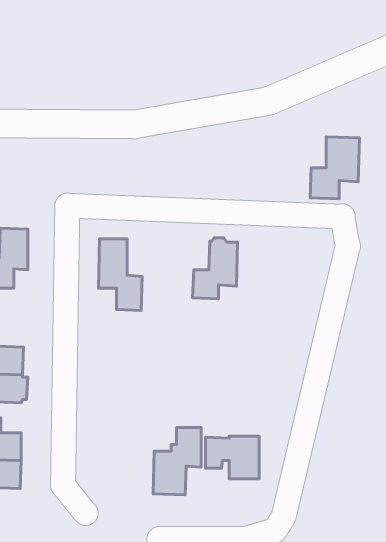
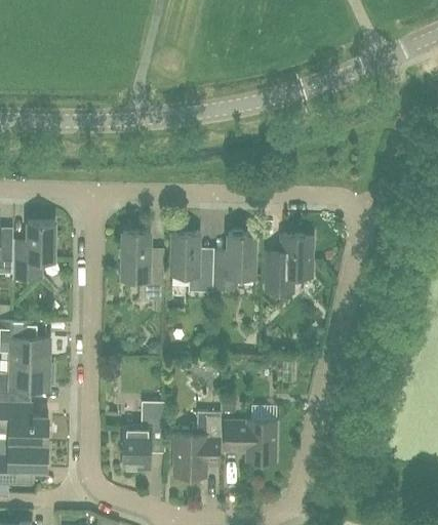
building: [310,137,359,199] -> [265,235,312,294]
building: none -> [170,233,212,292]
building: none -> [122,414,164,470]

